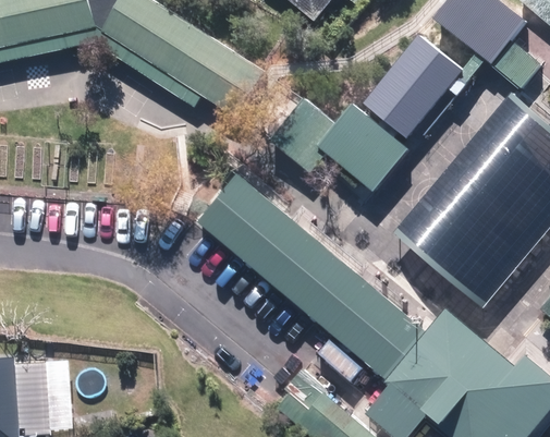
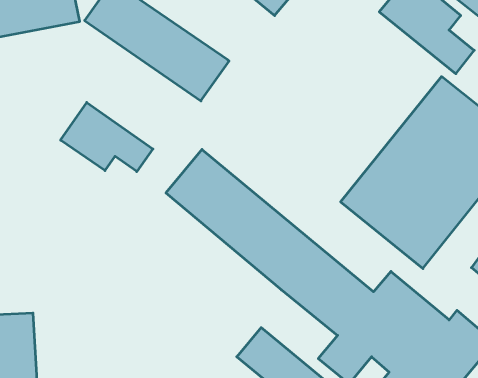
building: [364,36,462,137] -> none
building: [271,100,412,195] -> none
building: none -> [61,102,153,172]

